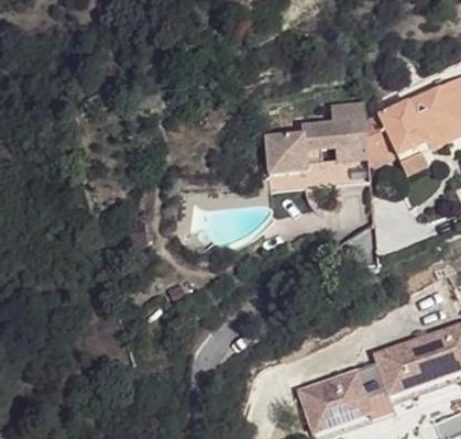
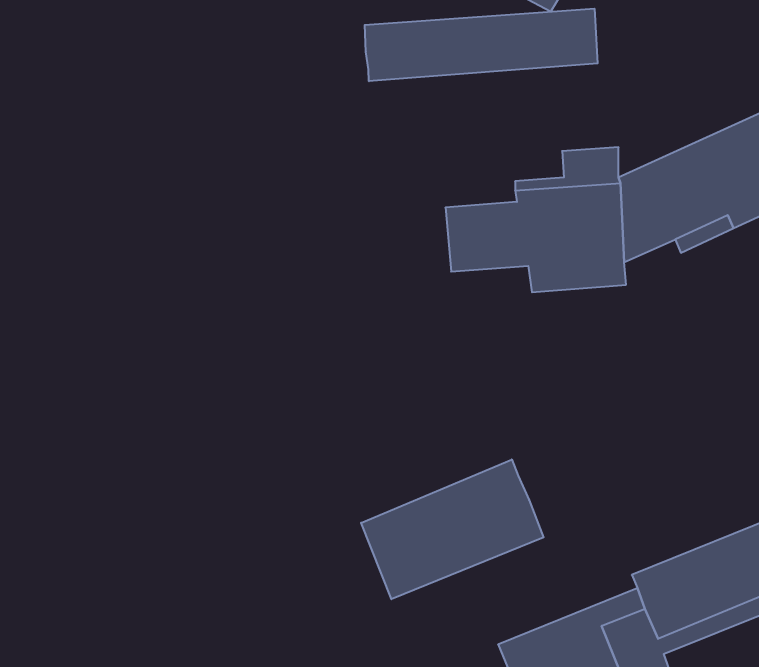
building: none -> [365,9,598,81]
building: none -> [361,459,544,599]

